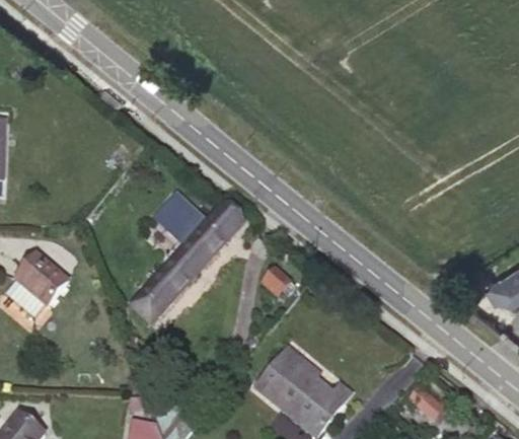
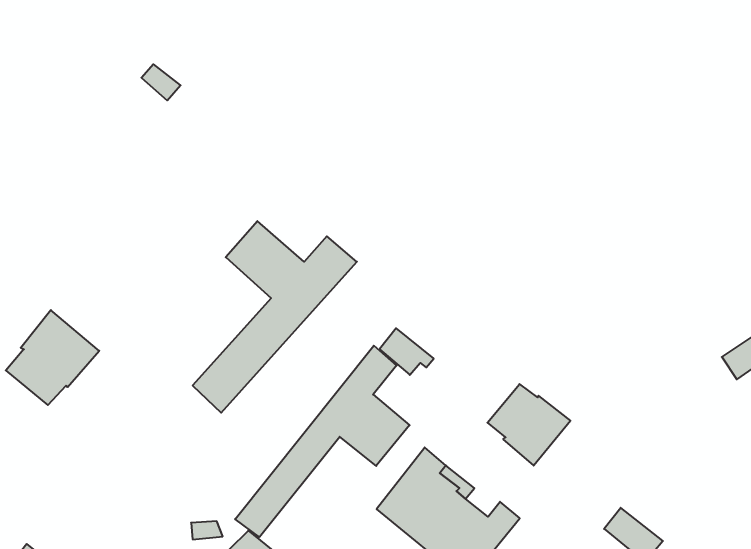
building: none -> [235,346,410,537]
building: none -> [487,384,570,466]

